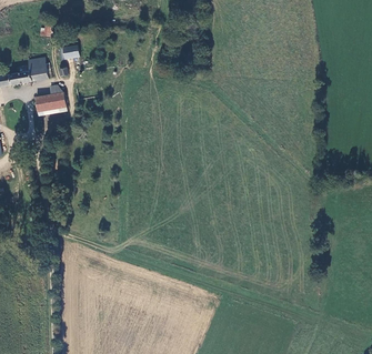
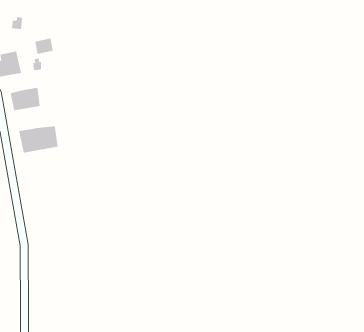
building: none -> [18,125,58,153]

